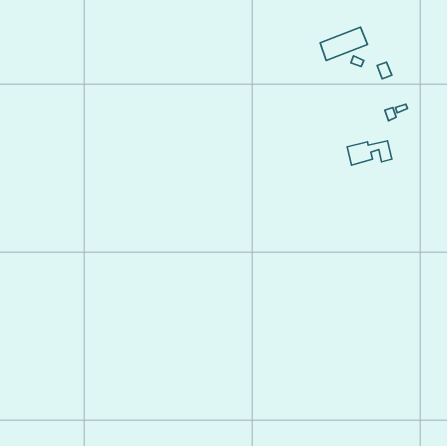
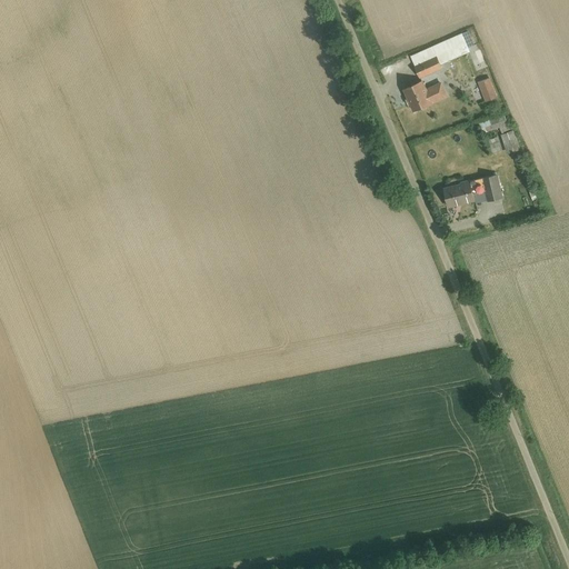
building: none -> [406,80,446,111]

